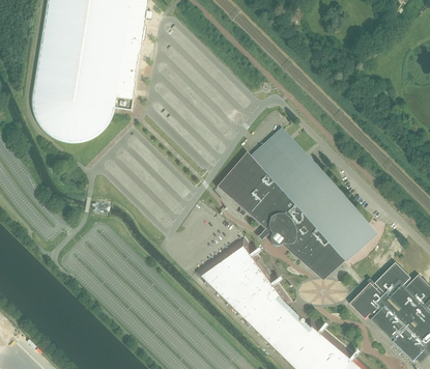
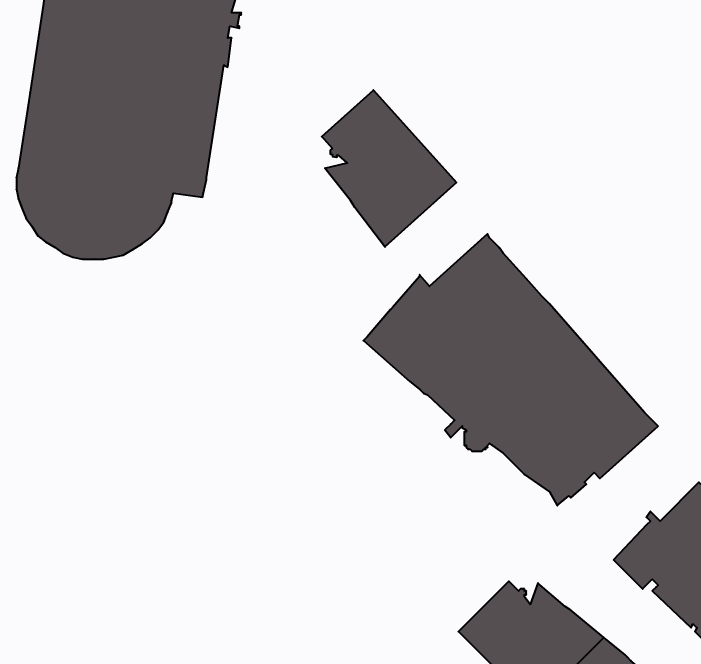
building: none -> [322,90,456,247]
building: [194,234,293,341] -> none

